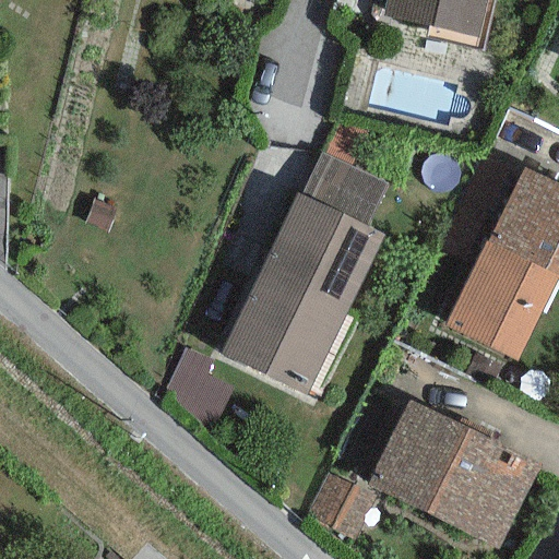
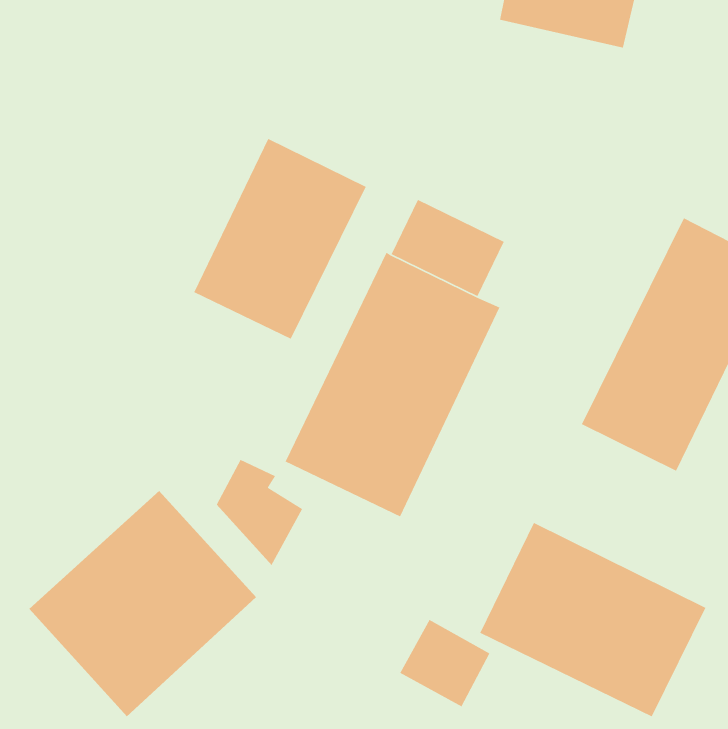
building: none -> [193,138,367,340]
building: none -> [28,490,257,717]

